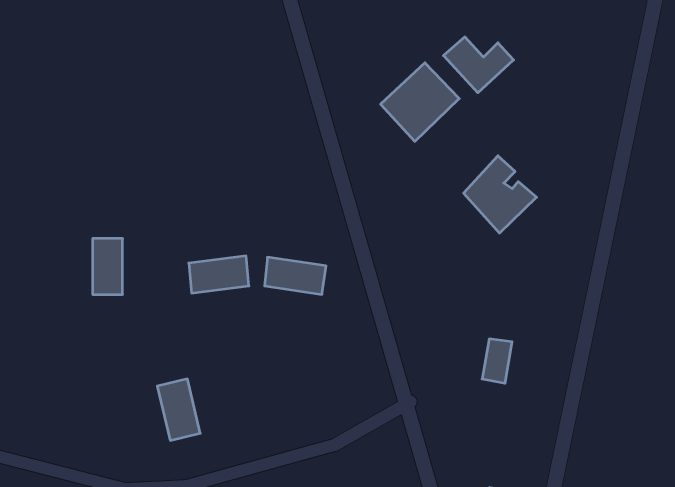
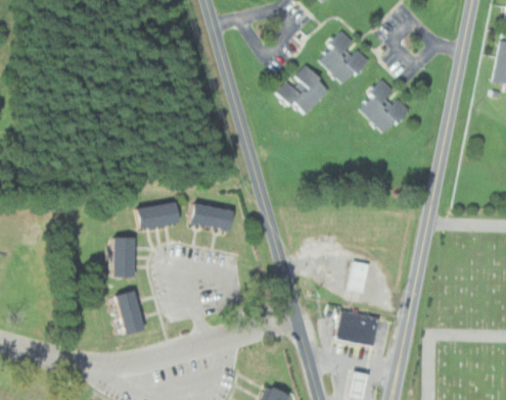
building: [464,156,537,233] -> [357,83,409,138]
building: [93,239,123,294] -> [113,237,135,277]
building: none -> [335,310,379,347]

